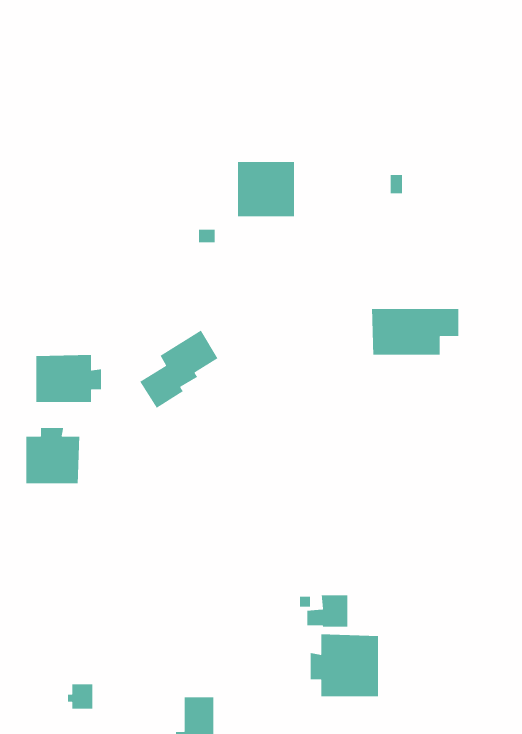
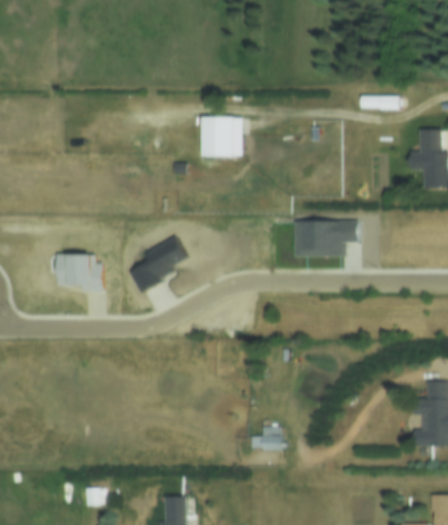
building: none -> [361,95,400,111]
building: [26,427,80,484] -> none
building: [310,634,379,697] -> none

